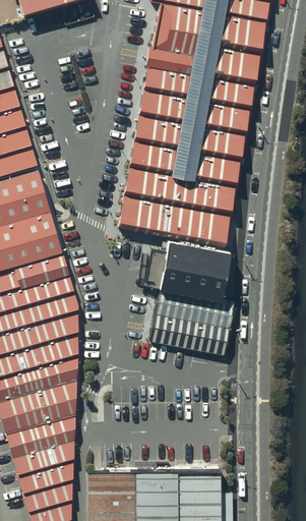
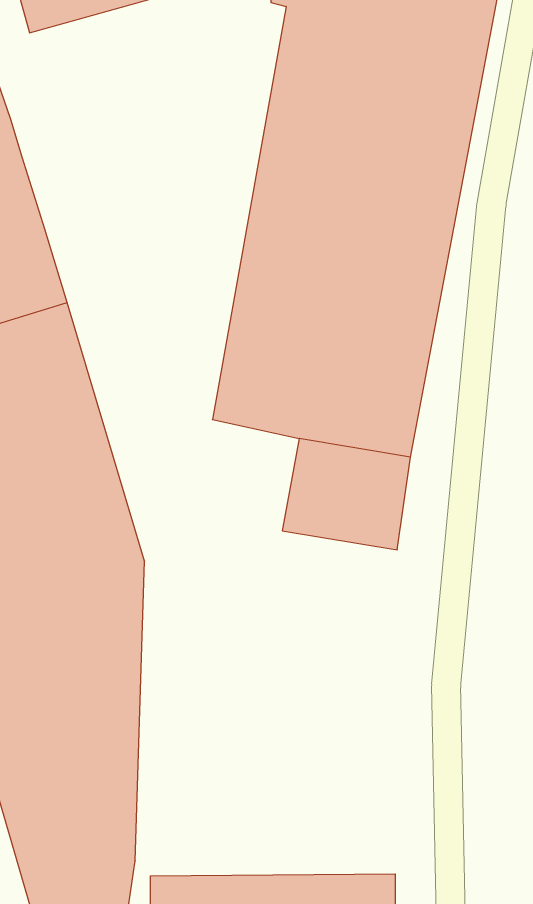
building: [146,287,230,354] -> none

